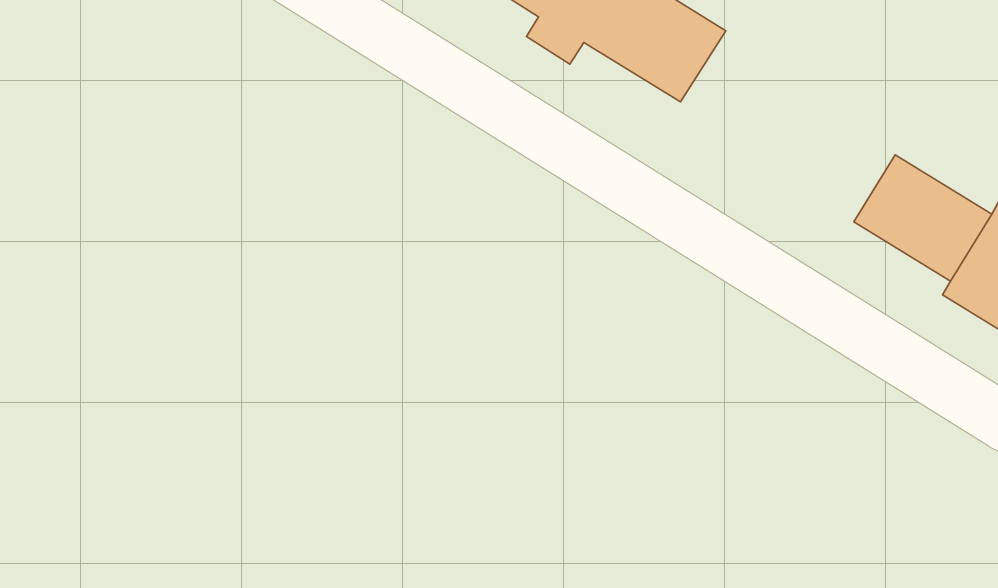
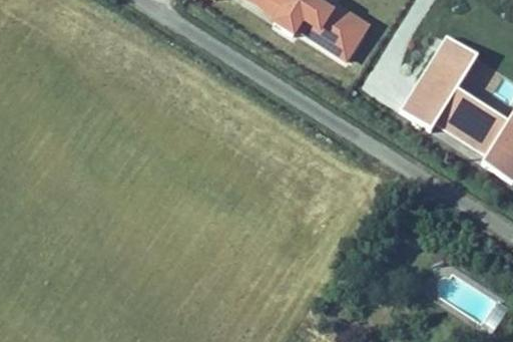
building: none -> [400,33,477,127]

